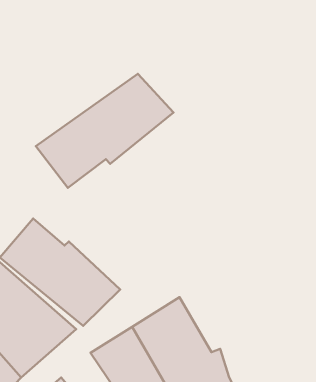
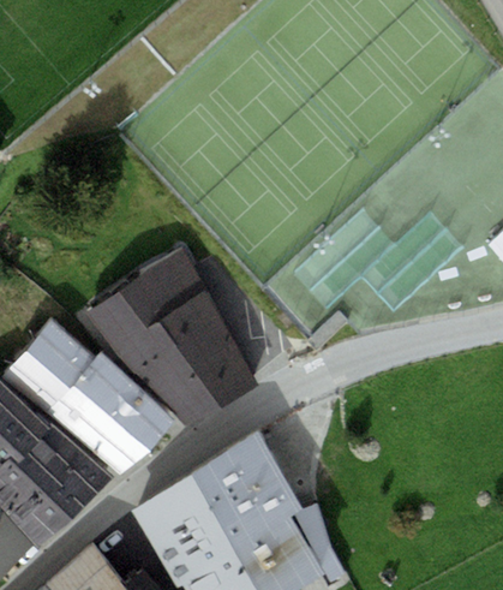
building: [36,74,174,188] -> none
building: none -> [85,248,257,425]

